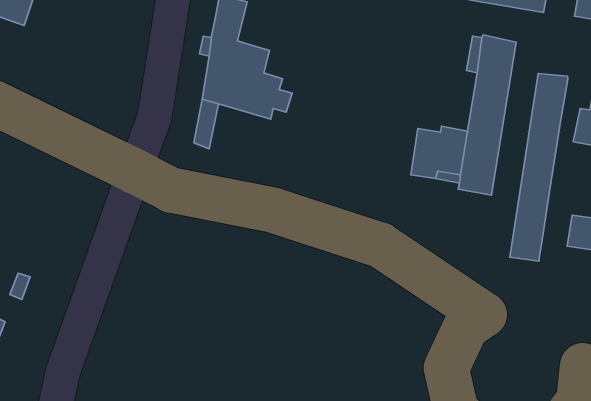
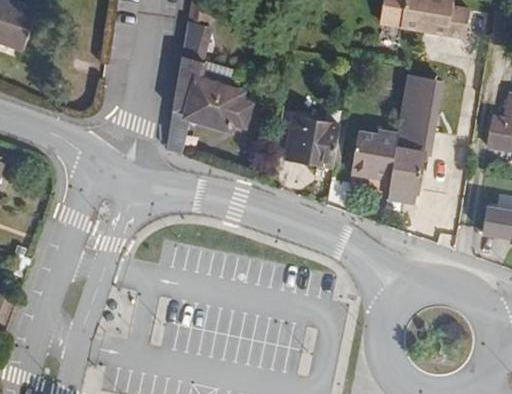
building: [510,74,568,261] -> none
building: none -> [287,116,340,167]

